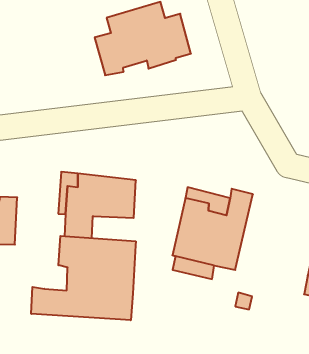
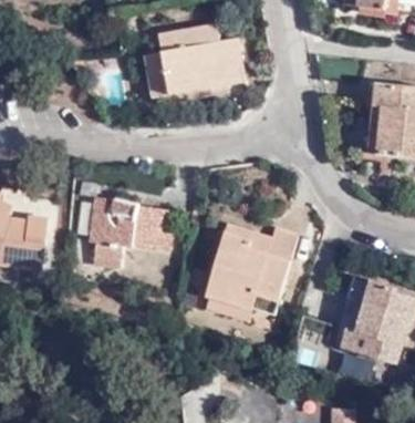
building: [31,236,136,320] -> none

